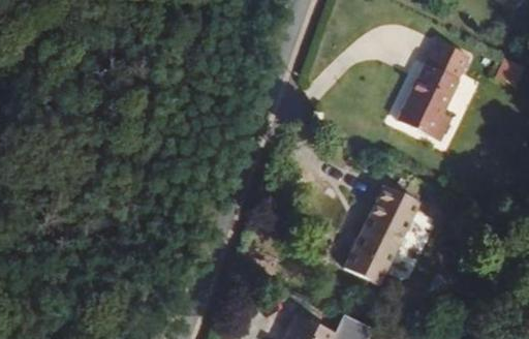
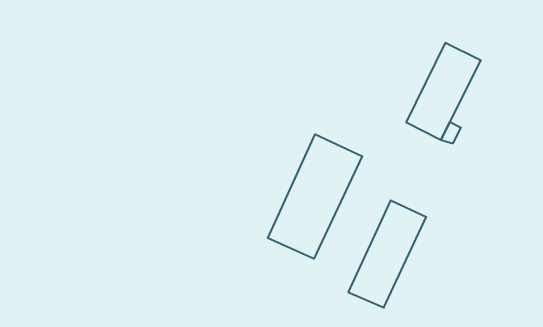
building: none -> [268,134,362,259]

